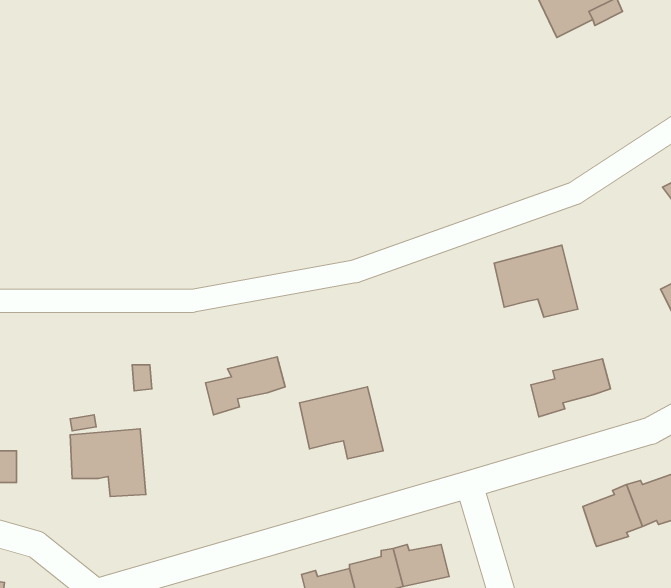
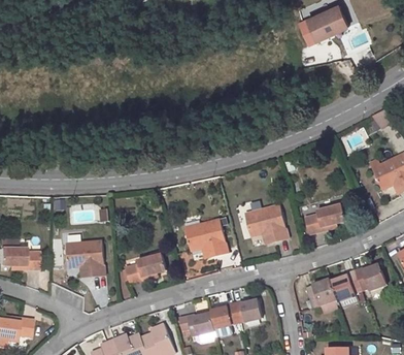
building: [494,245,578,317] -> [244,204,288,241]
building: [206,357,285,415] -> [125,254,166,284]
building: none -> [305,279,337,308]

